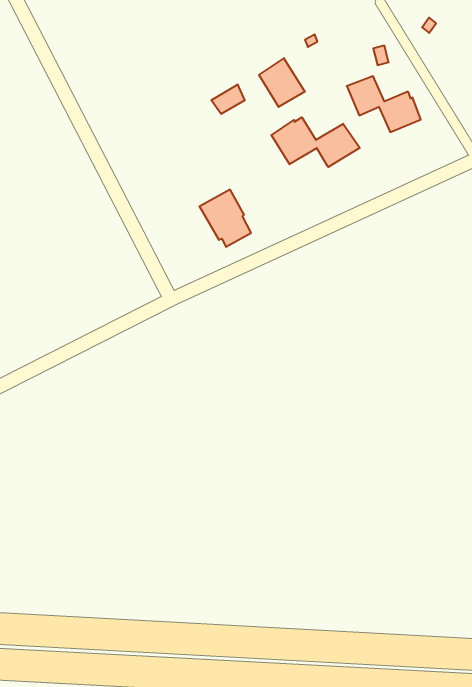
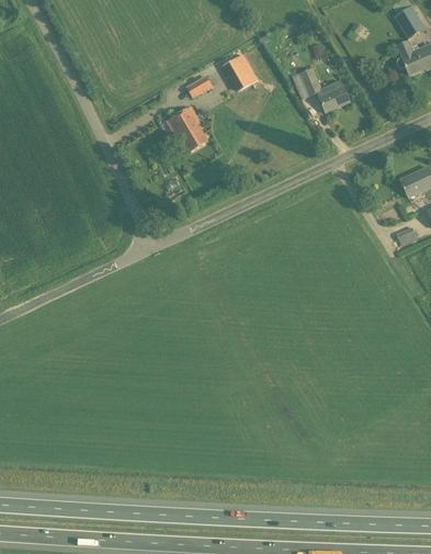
building: [271,117,360,167] -> none
building: [199,190,251,247] -> [167,108,207,152]

